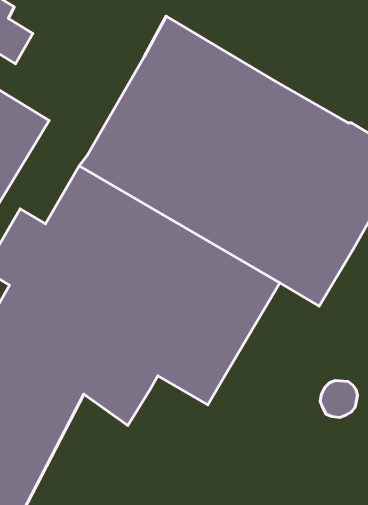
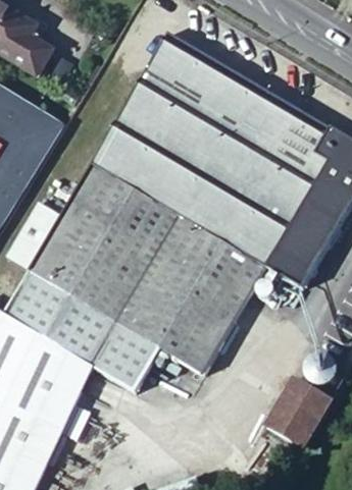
building: none -> [266,379,332,449]

